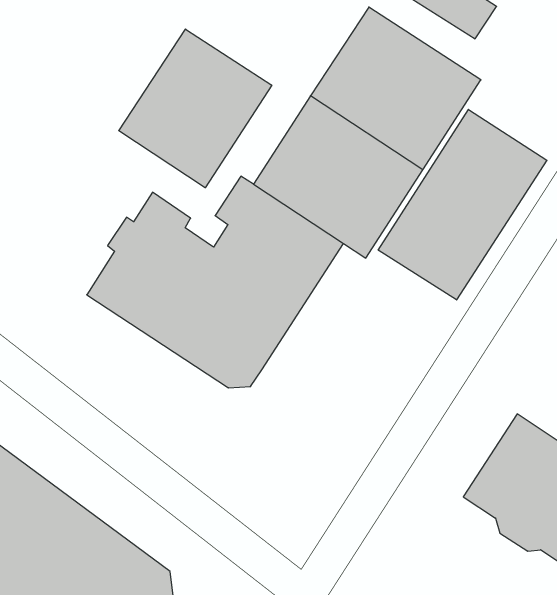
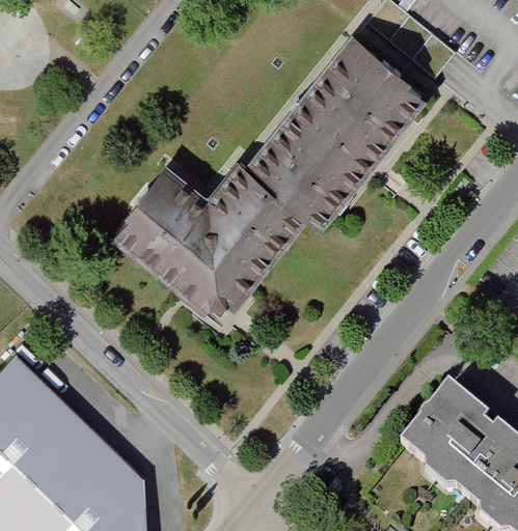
building: [119,29,272,188] -> none
building: [378,109,547,300] -> none

